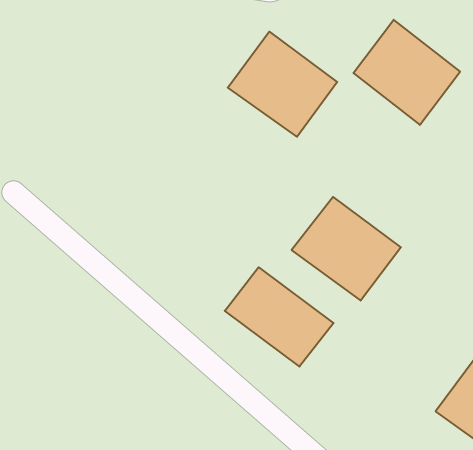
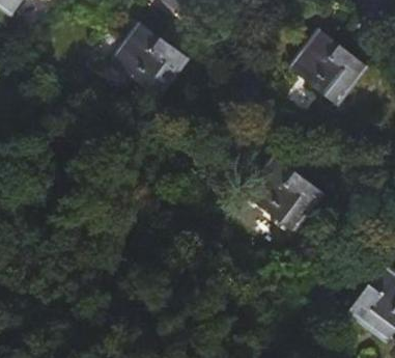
building: [228,32,337,137] -> [110,22,189,98]
building: [225,267,334,367] -> none

